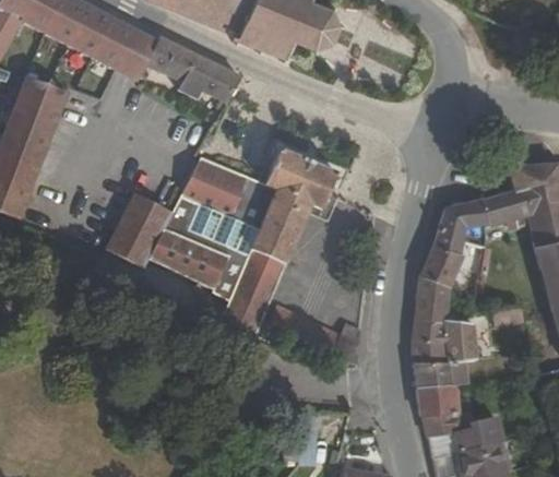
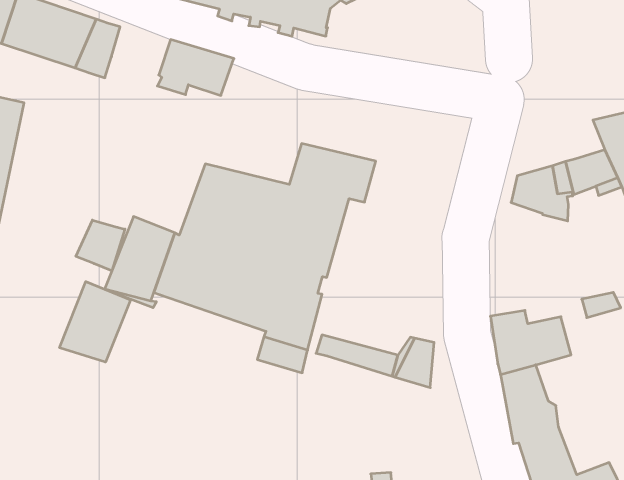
building: [138,36,187,81] -> none
building: none -> [76,220,125,271]
building: [416,219,469,309] -> none
building: none -> [60,282,130,362]

